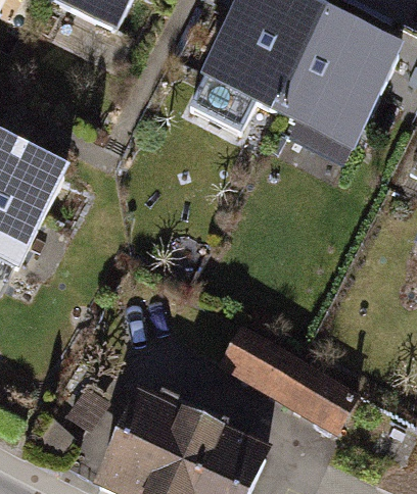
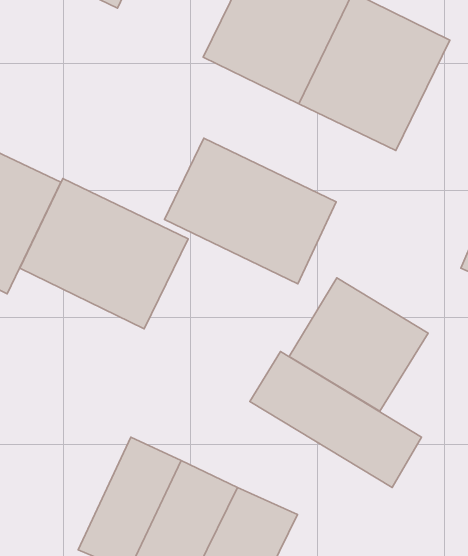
building: none -> [164,138,336,284]
building: none -> [20,179,188,329]
building: none -> [289,278,428,411]

